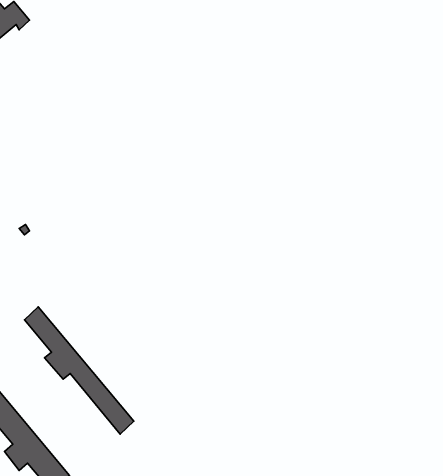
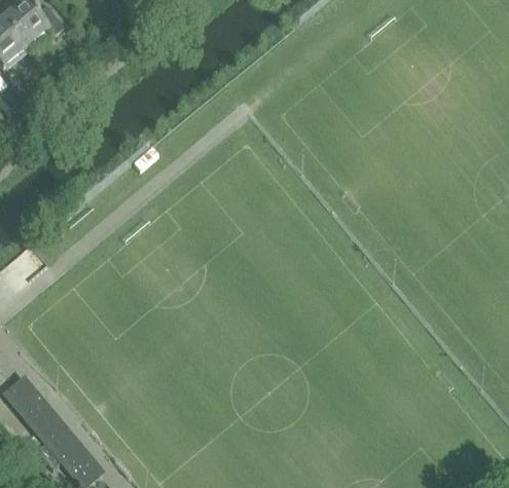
building: [24,307,134,434] -> none

